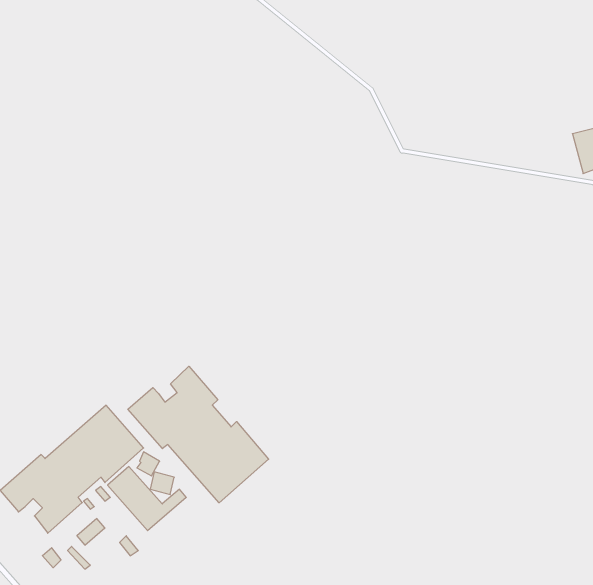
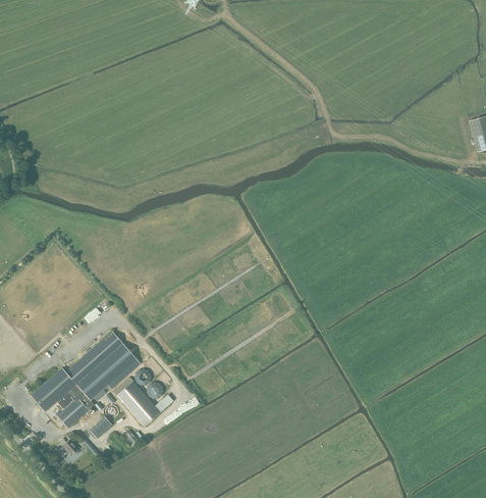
building: [128,366,269,503] -> none

